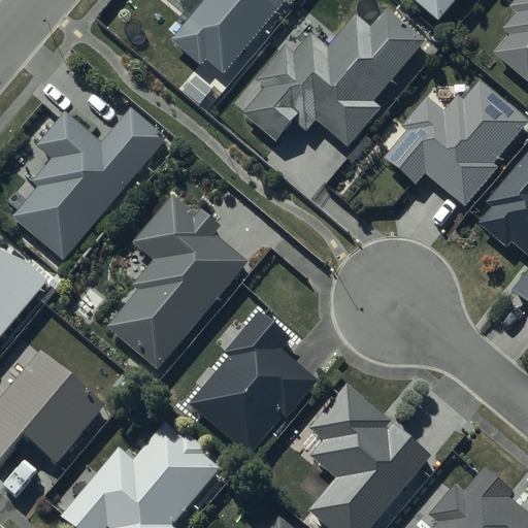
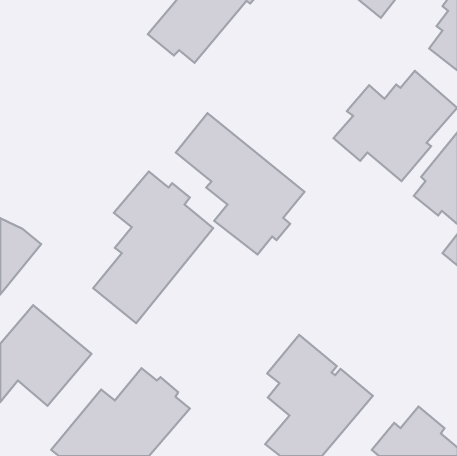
building: [242,6,425,145] -> none
building: [12,107,166,260] -> none
building: none -> [176,113,304,255]
building: [190,312,318,453] -> none

